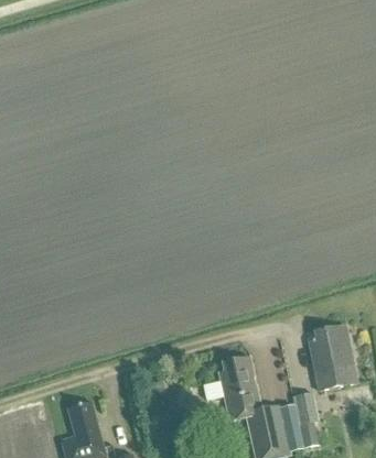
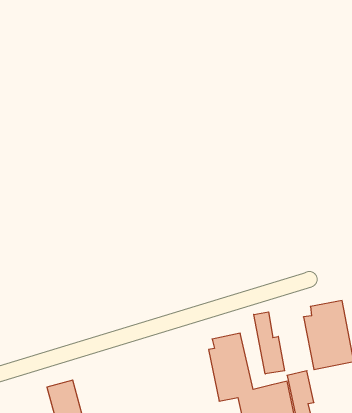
building: none -> [254,312,285,374]

